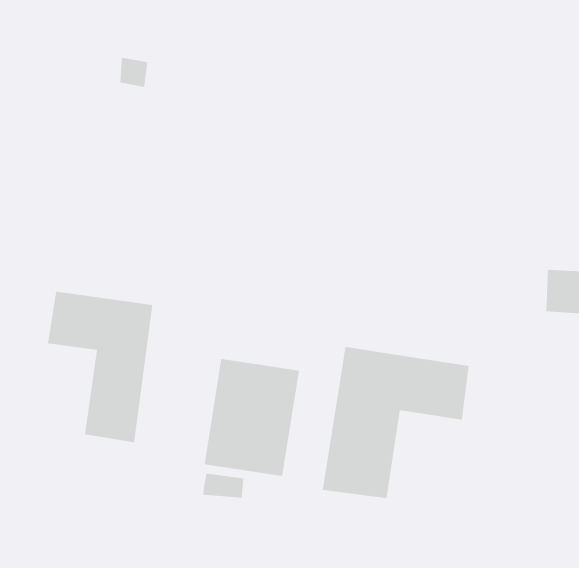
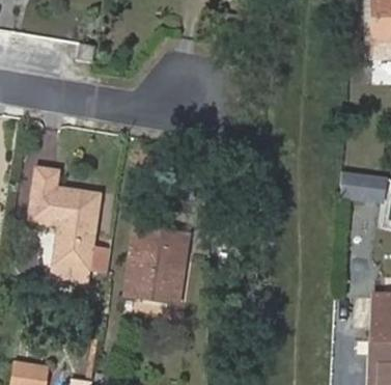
building: [322,346,469,499] -> none

